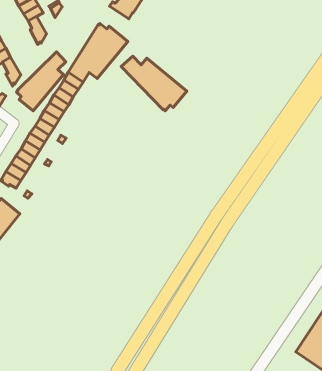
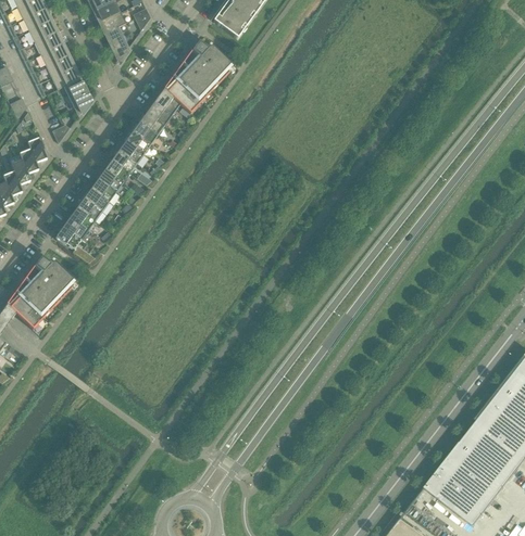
building: [16,52,66,111] -> none
building: [121,56,187,111] -> none

